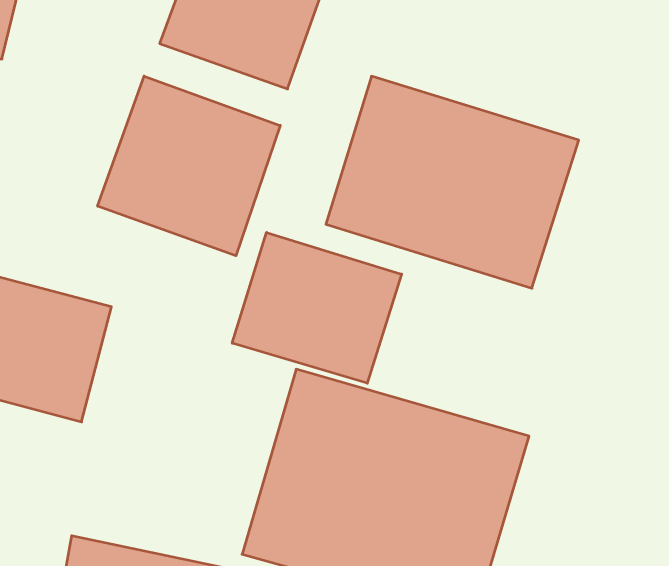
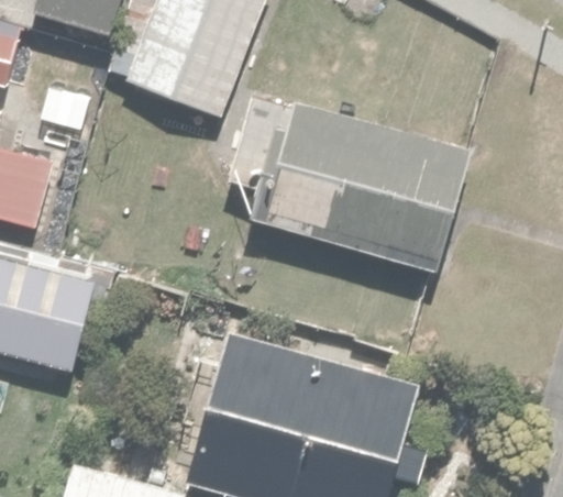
building: [98,76,280,256] -> none
building: [232,232,402,383] -> none

